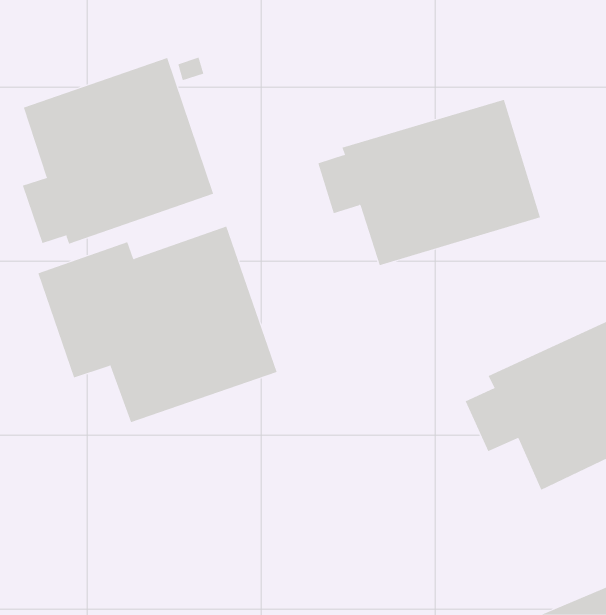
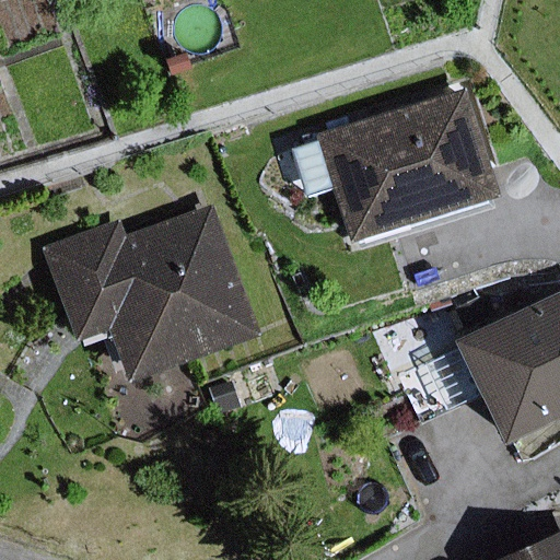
building: [22,57,214,245] -> none

